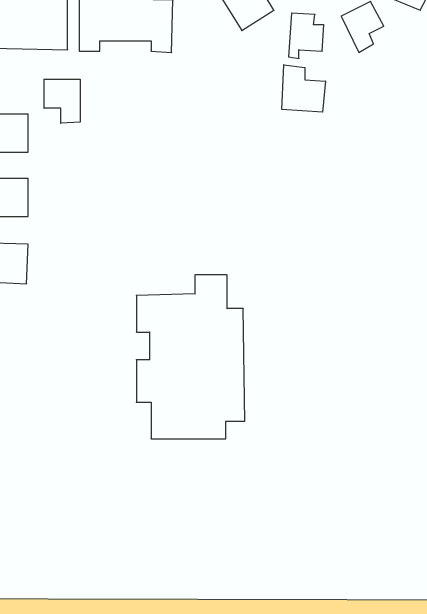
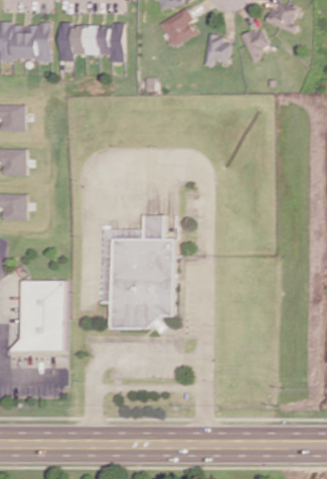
building: [282,65,325,112] -> none
building: [44,79,80,123] -> none
building: none -> [11,281,64,351]

